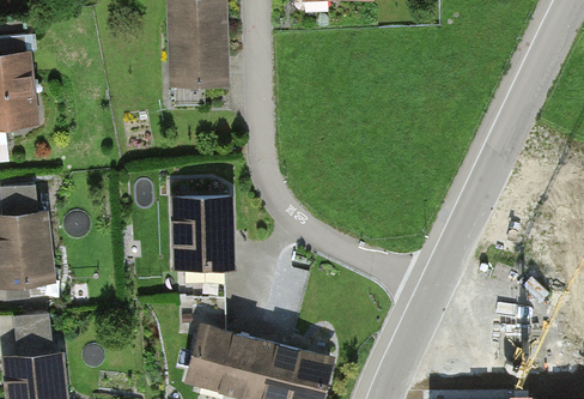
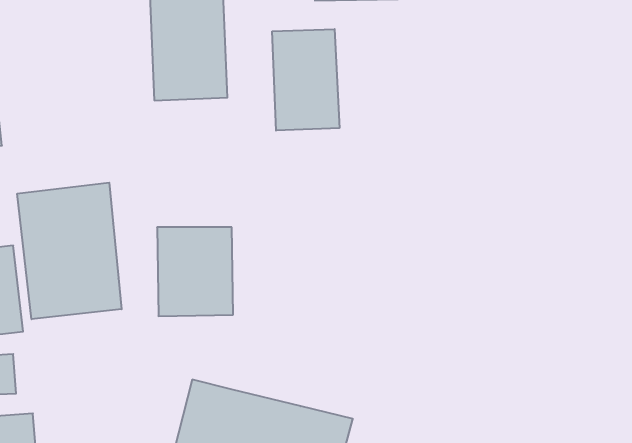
building: none -> [272,29,339,131]
building: none -> [17,183,122,319]

